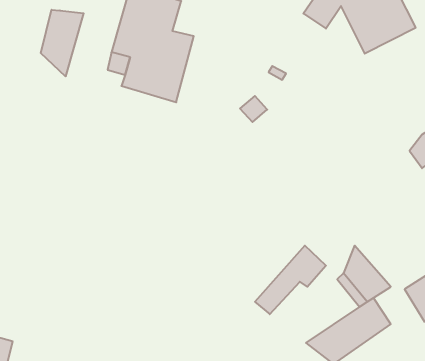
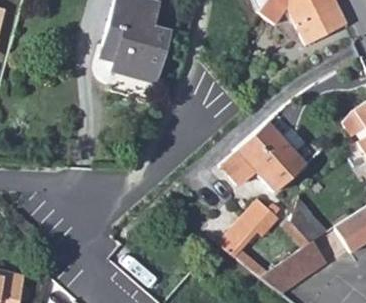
building: [41,10,84,76] -> none
building: none -> [219,123,304,192]

